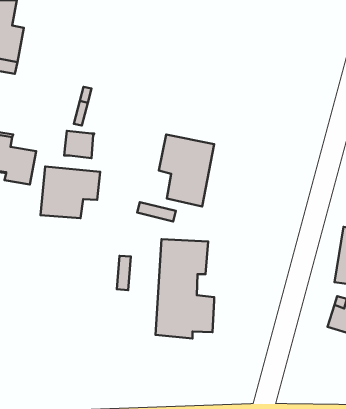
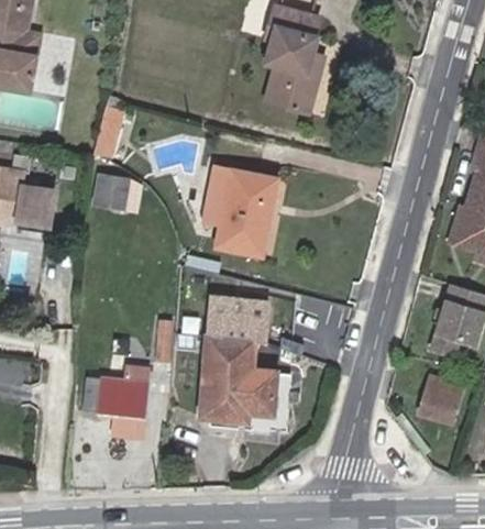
building: none -> [264,9,323,115]
building: [41,167,100,218] -> none
building: none -> [85,370,147,438]

